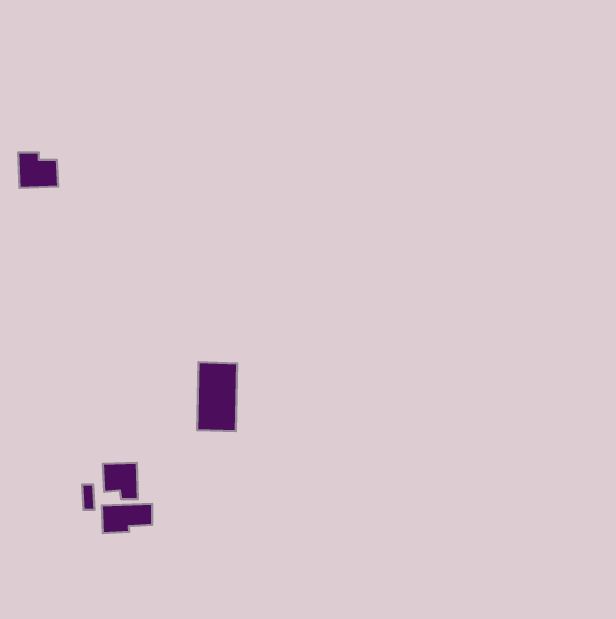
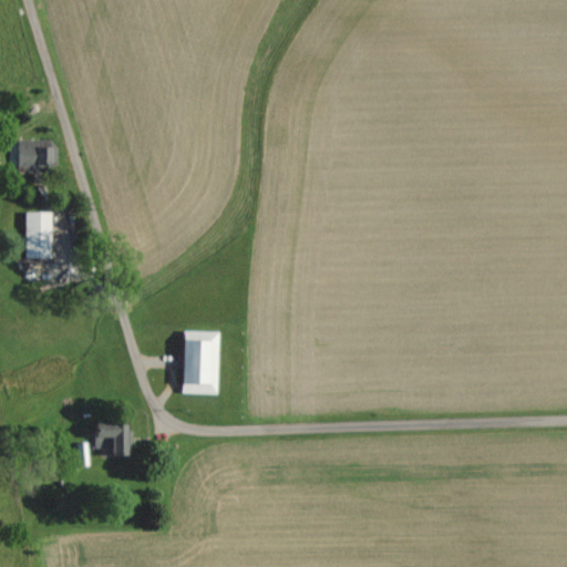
building: none -> [24,212,52,259]
building: [102,504,152,533] -> none

